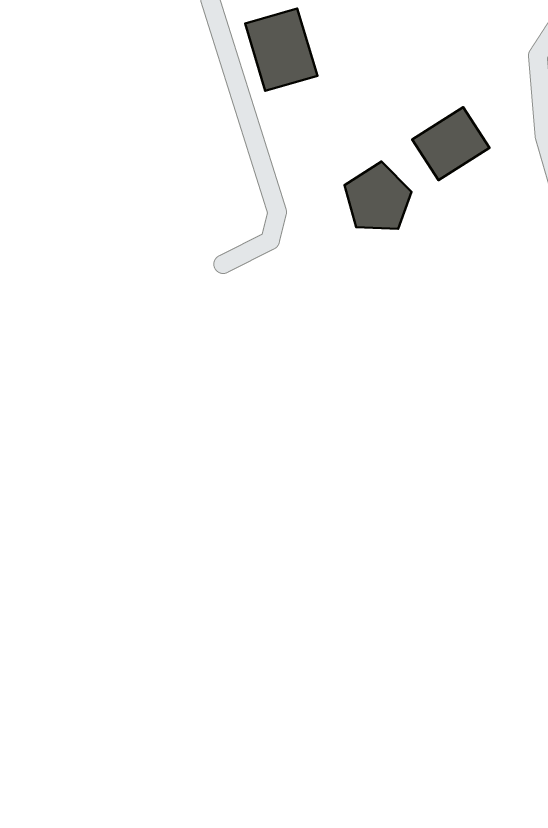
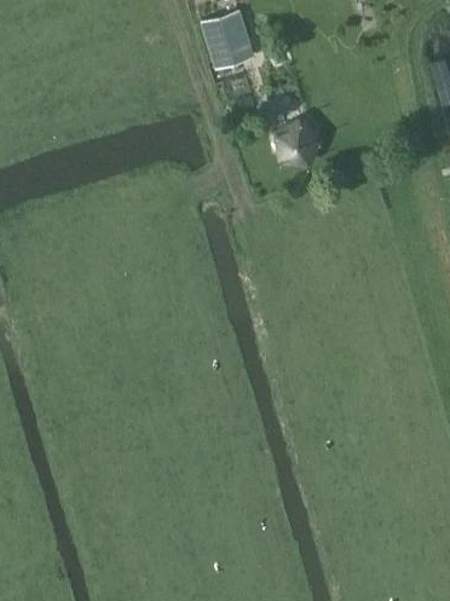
building: [412,107,490,180] -> none

